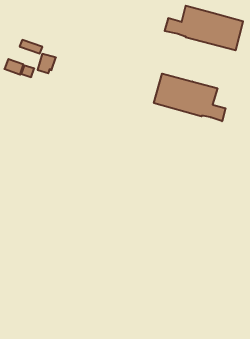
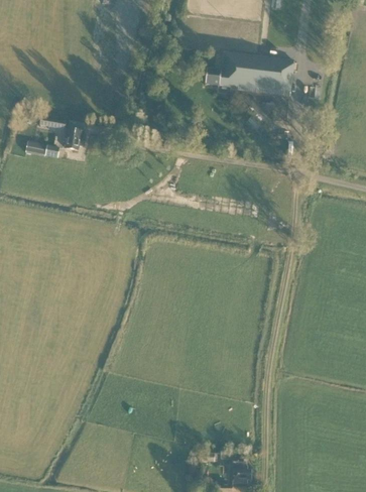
building: [154,74,226,121] -> none

